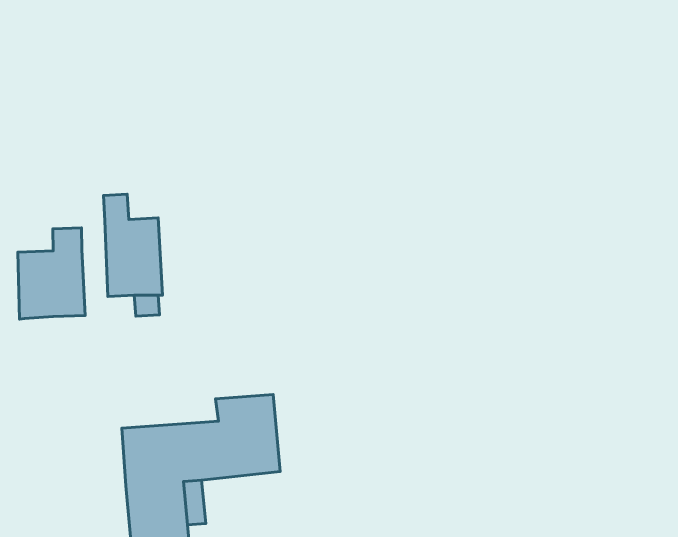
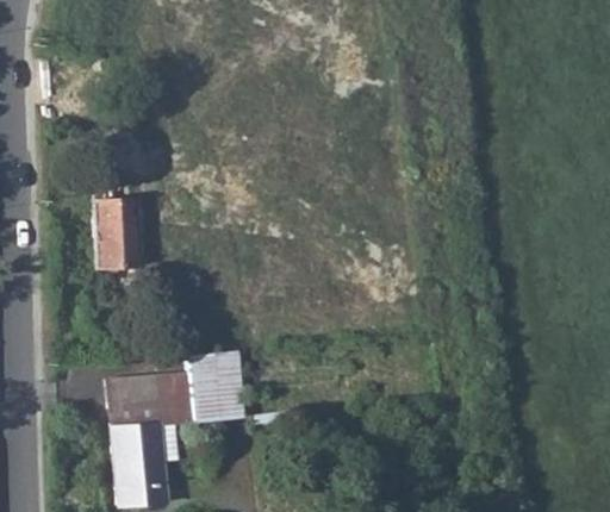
building: [18,228,85,319] -> none

